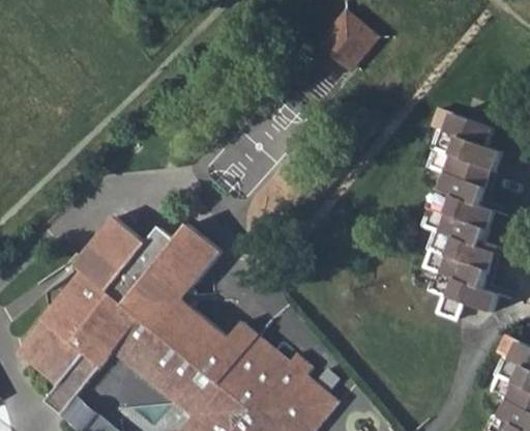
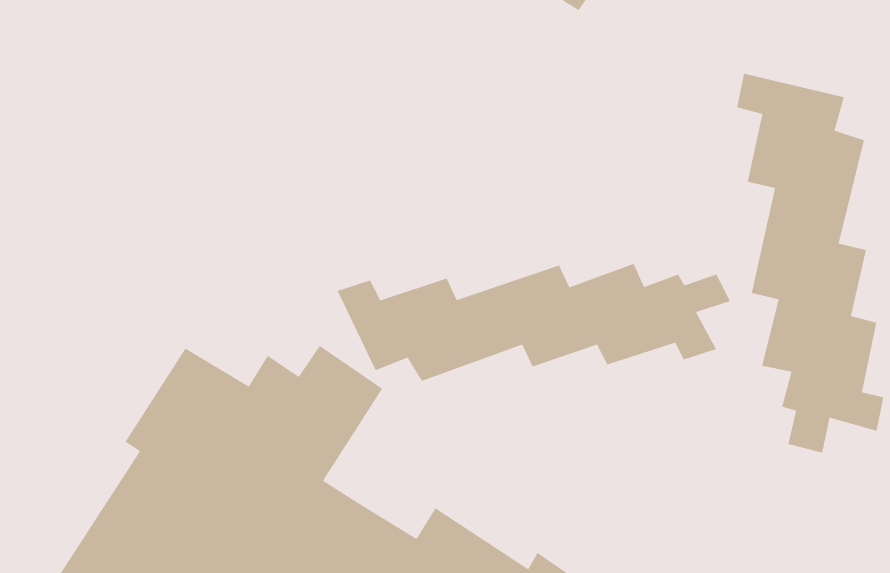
building: none -> [336,263,731,382]

